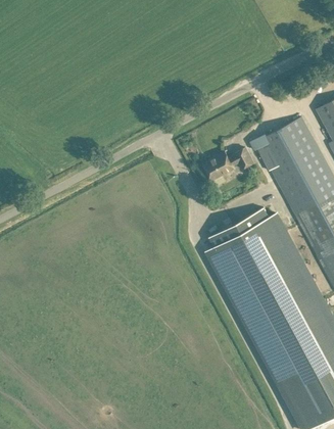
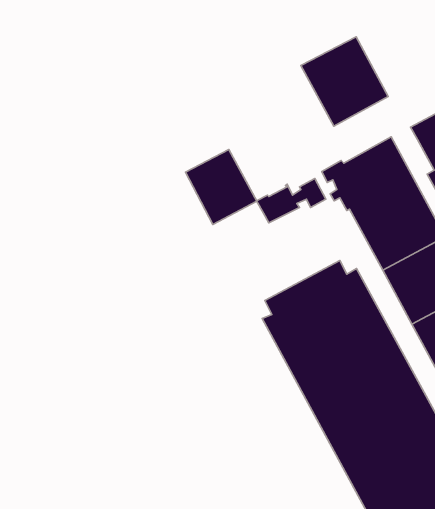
building: none -> [301,37,388,126]
building: none -> [186,150,257,225]

